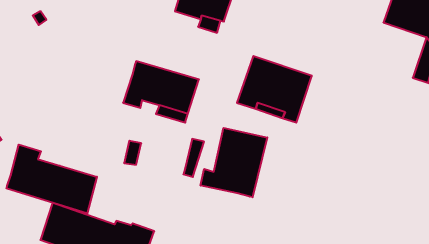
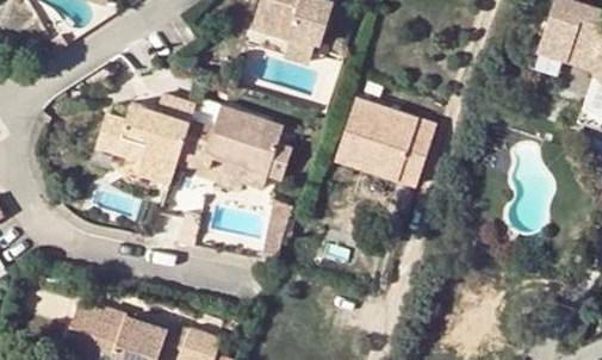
building: none -> [97,98,194,184]
building: [201,128,267,197] -> none
building: [6,145,97,214] -> none

